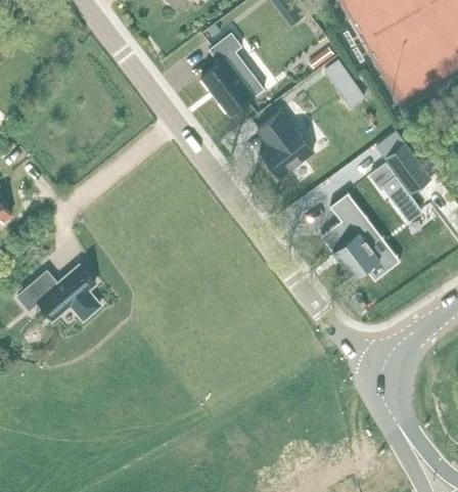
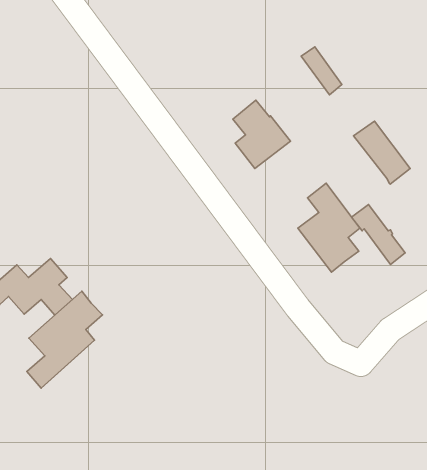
building: [200,31,265,115] -> none
building: [370,163,422,221] -> [352,205,405,264]
building: none -> [27,291,103,388]

